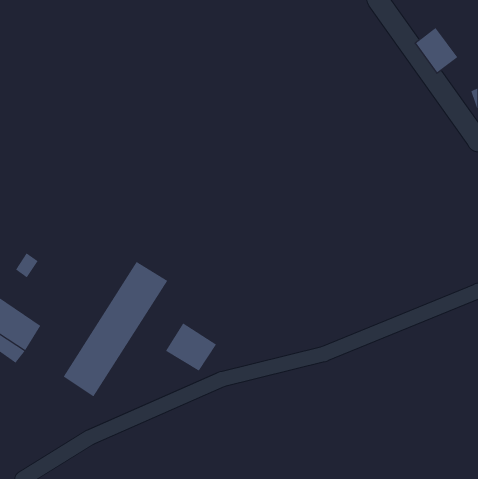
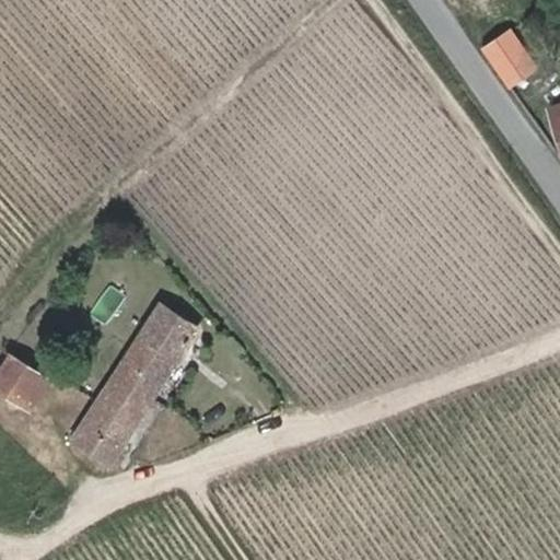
building: [165,323,217,372] -> none

